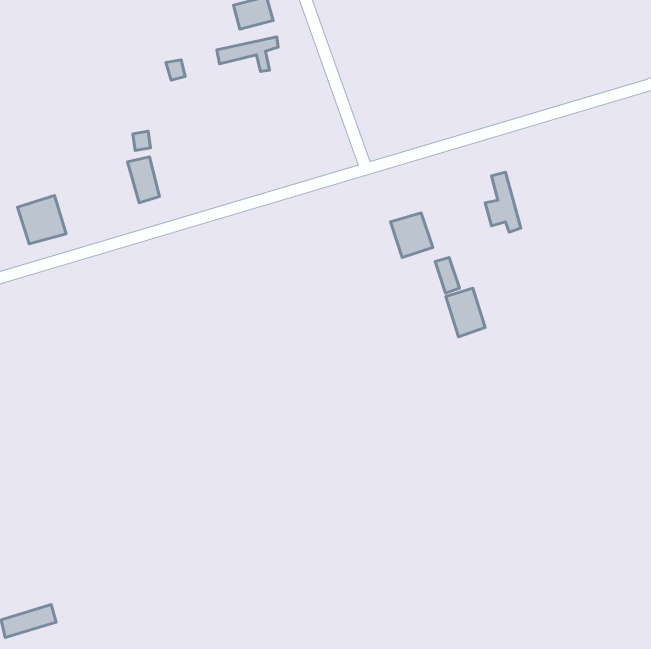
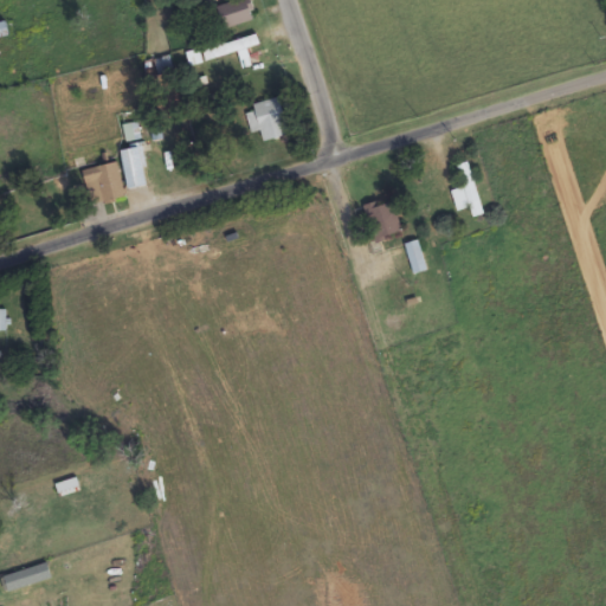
building: none -> [251,97,288,140]
building: [18,196,66,244] -> [80,160,125,205]
building: [446,288,485,337] -> none

